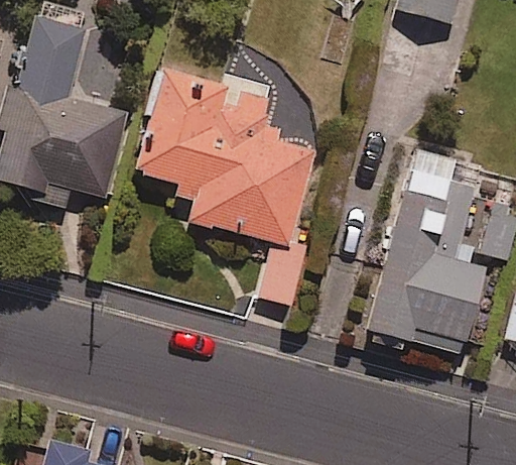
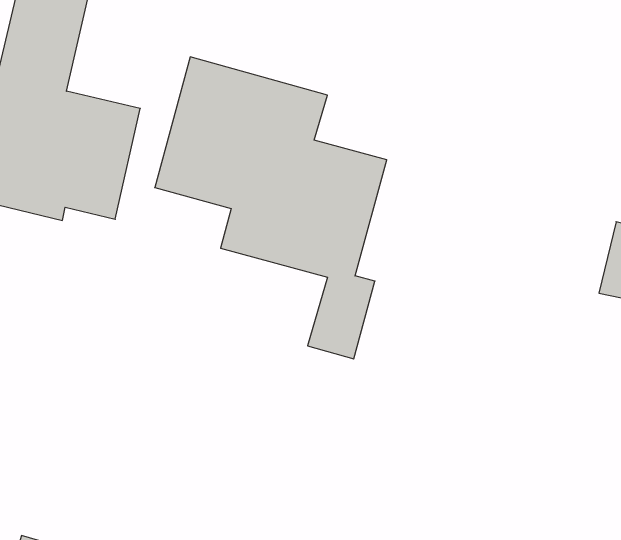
building: [368,150,487,355] -> none

